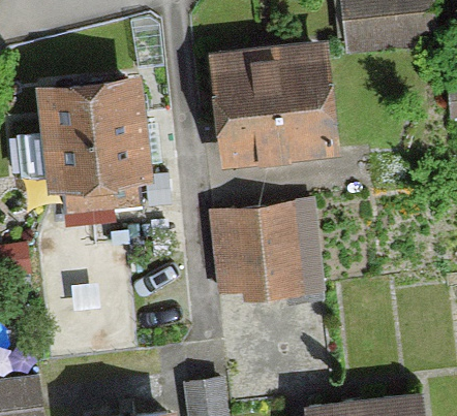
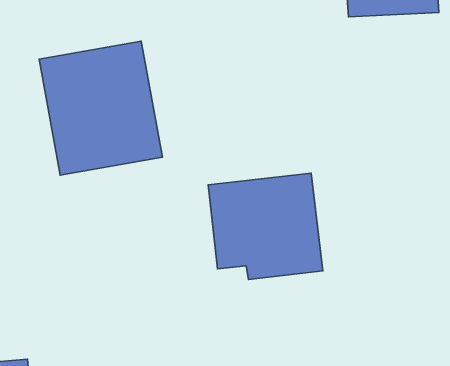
building: [218,57,342,157] -> none

